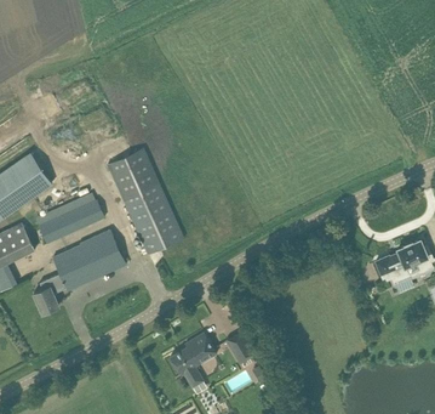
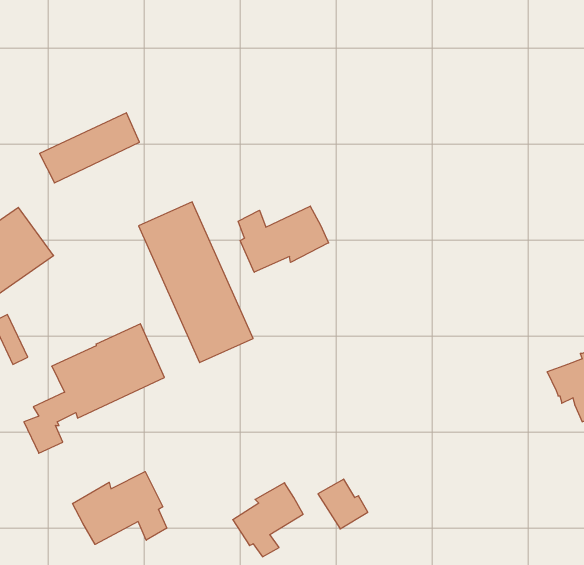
building: none -> [238,206,329,272]
building: [38,199,103,245] -> [40,113,139,183]
building: none -> [73,472,167,544]

